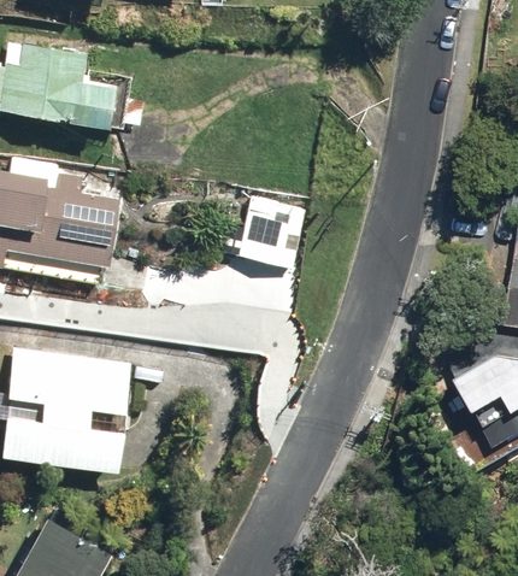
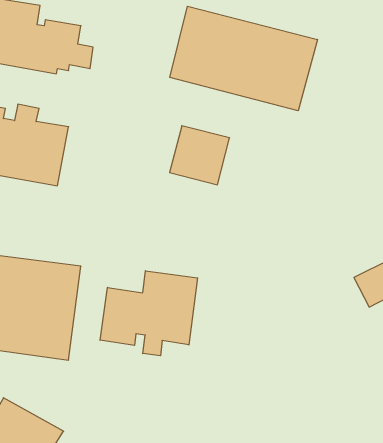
building: none -> [170,6,317,111]
building: none -> [100,271,198,356]

